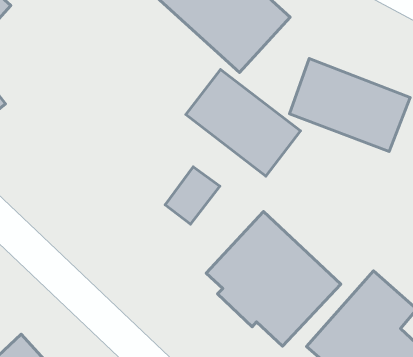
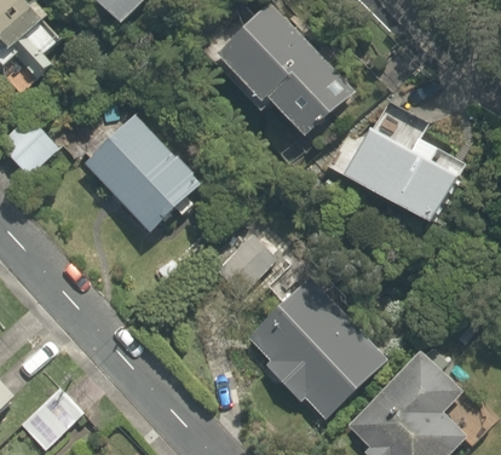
building: none -> [84,105,203,236]
building: [186,69,300,176] -> none

